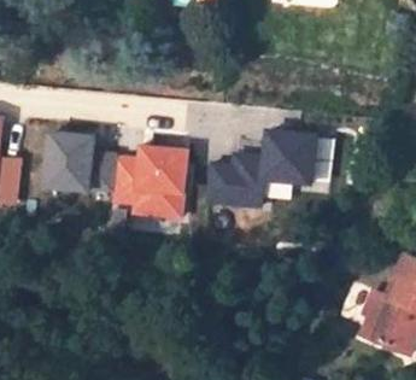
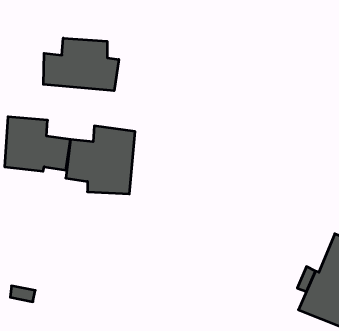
building: none -> [43,38,119,91]
building: [206,130,316,204] -> none

